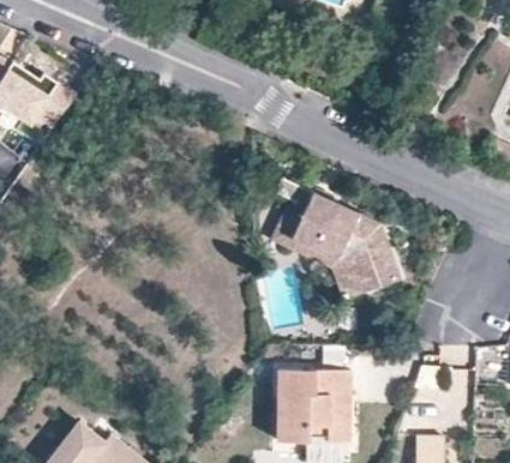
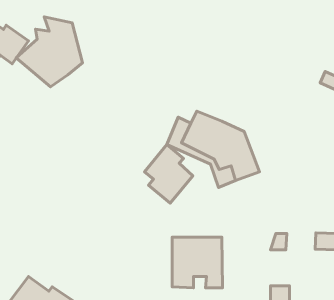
building: none -> [16,17,82,87]
building: none -> [144,144,193,203]

